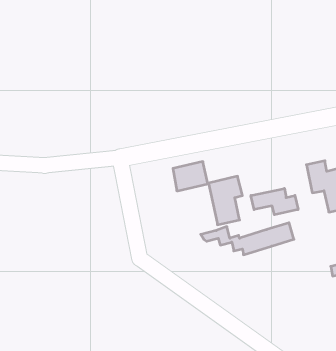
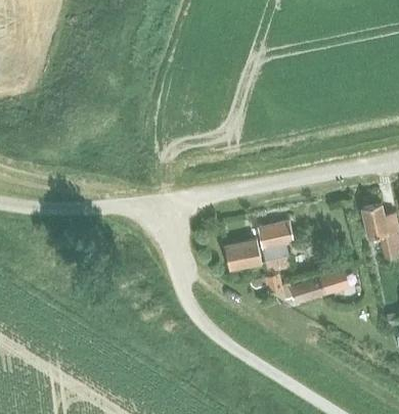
building: [173,162,208,191] -> [224,239,261,270]
building: [251,188,298,215] -> none

